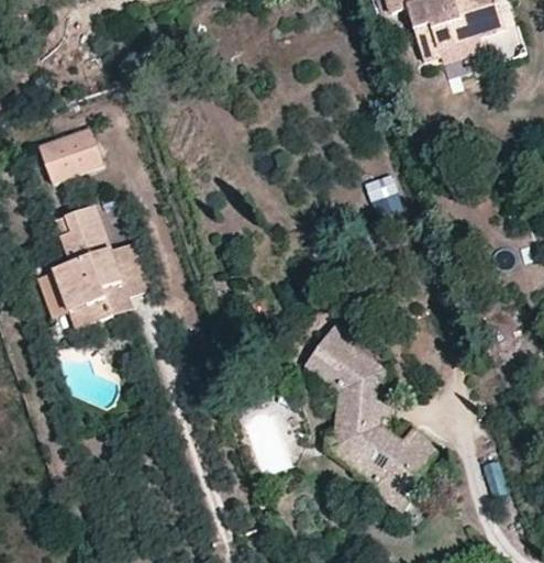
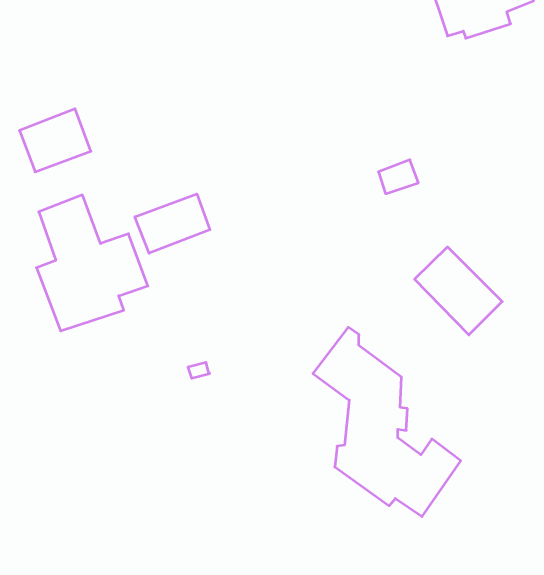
building: none -> [135,194,210,253]
building: none -> [415,247,502,335]

